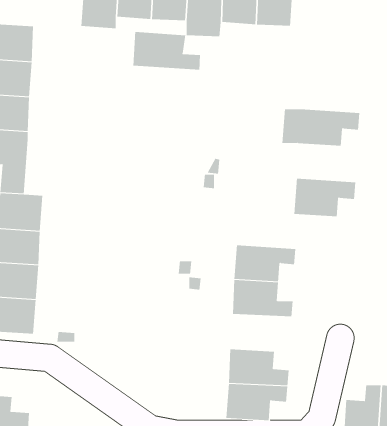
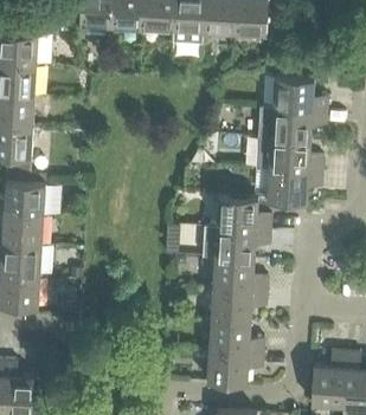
building: [133,31,201,71] -> none
building: none -> [274,78,328,112]
building: none -> [256,140,325,174]
building: none -> [217,197,271,233]
building: none -> [211,291,267,324]

